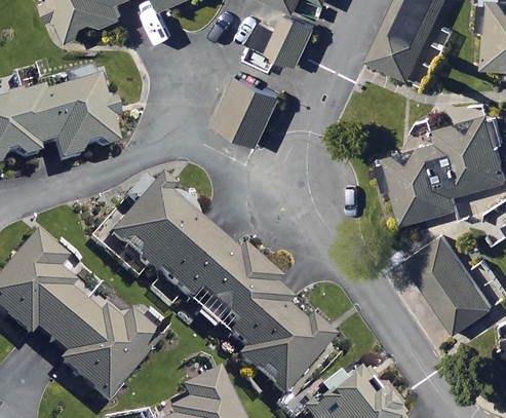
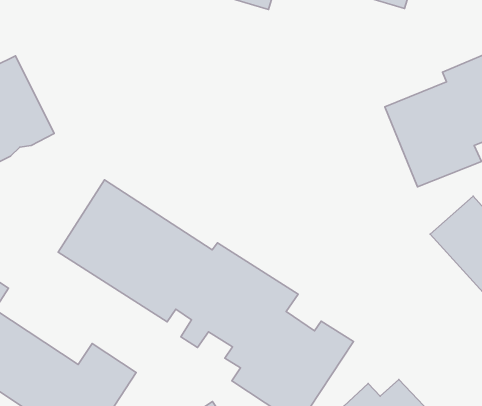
building: [212,77,279,145] -> none

